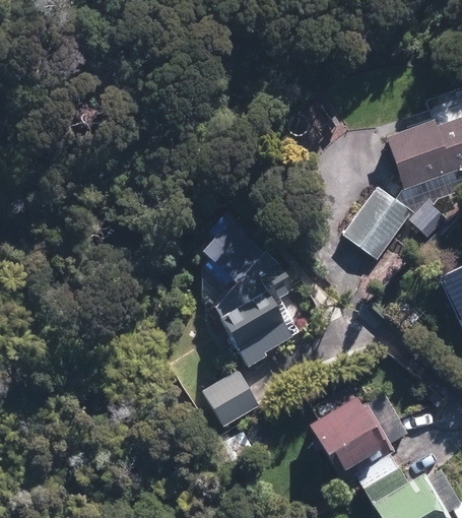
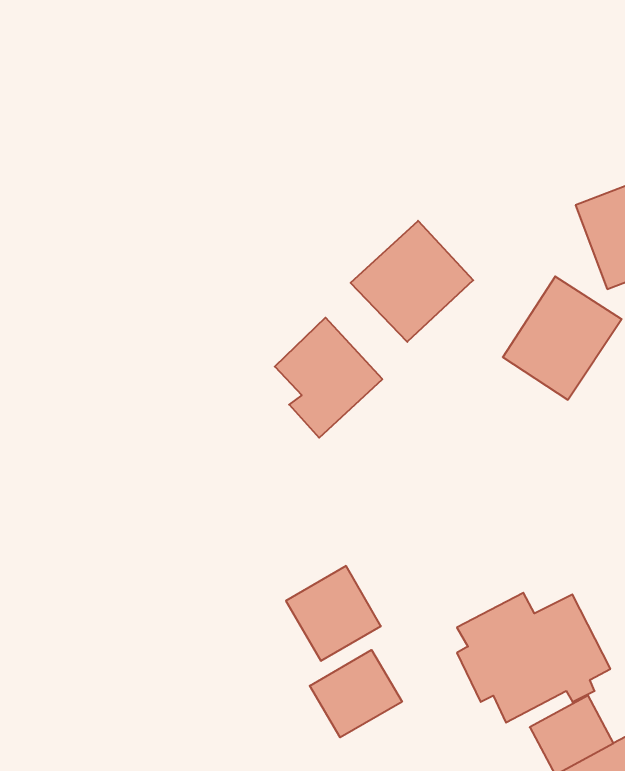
building: none -> [351,221,473,342]
building: [212,265,298,369] -> none
building: none -> [310,650,402,737]

